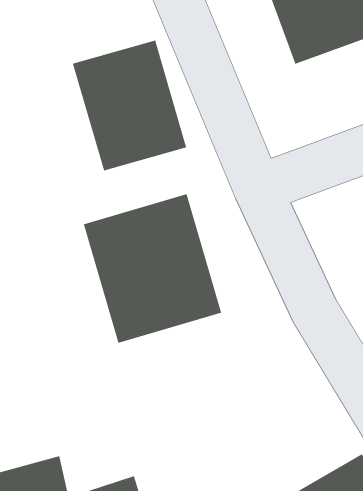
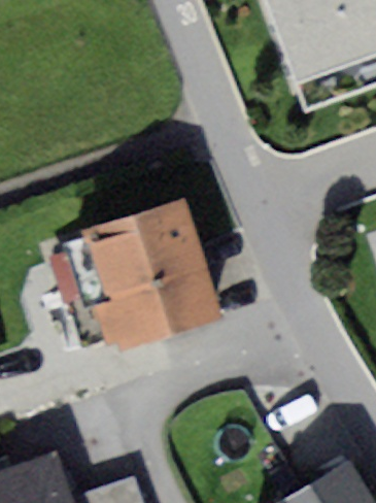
building: [72,39,187,172] -> none

